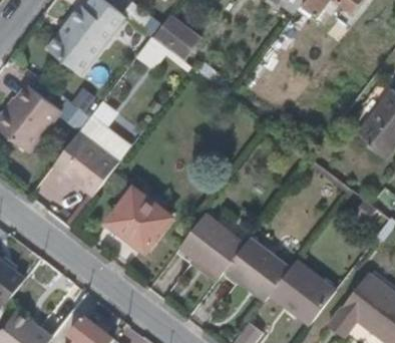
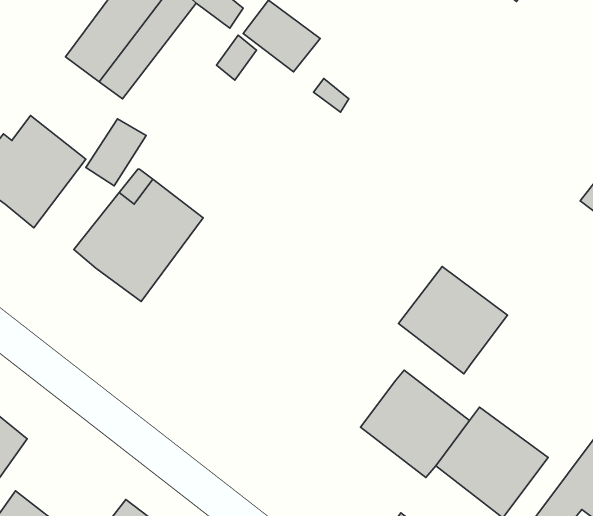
building: [109,189,168,248] -> none
building: [179,214,245,278] -> [398,267,507,374]

